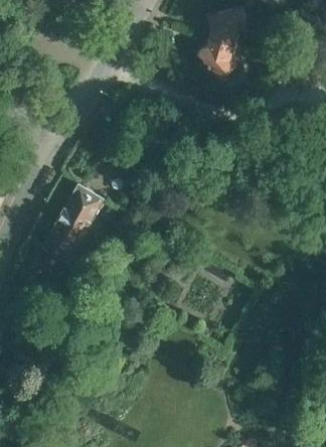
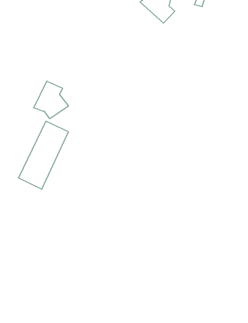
building: none -> [34,81,68,119]

